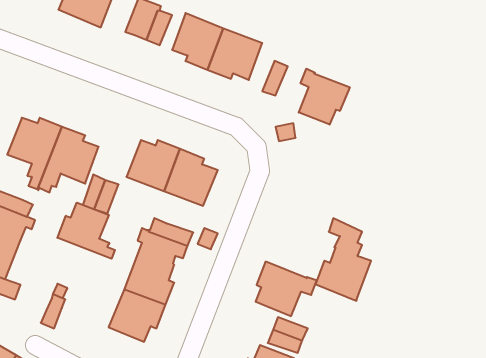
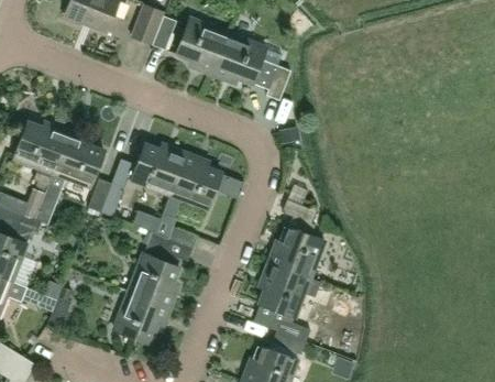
building: [299,69,350,125] -> none
building: [57,203,115,259] -> none
building: [315,218,371,301] -> [268,198,323,280]

